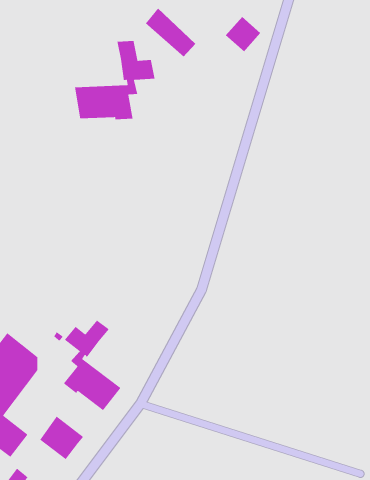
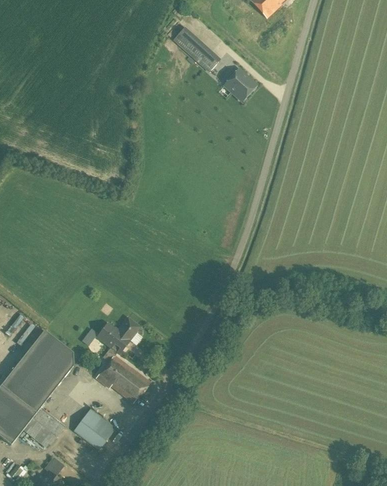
building: [225,16,261,53] -> [222,67,256,101]
building: [74,40,155,120] -> none

